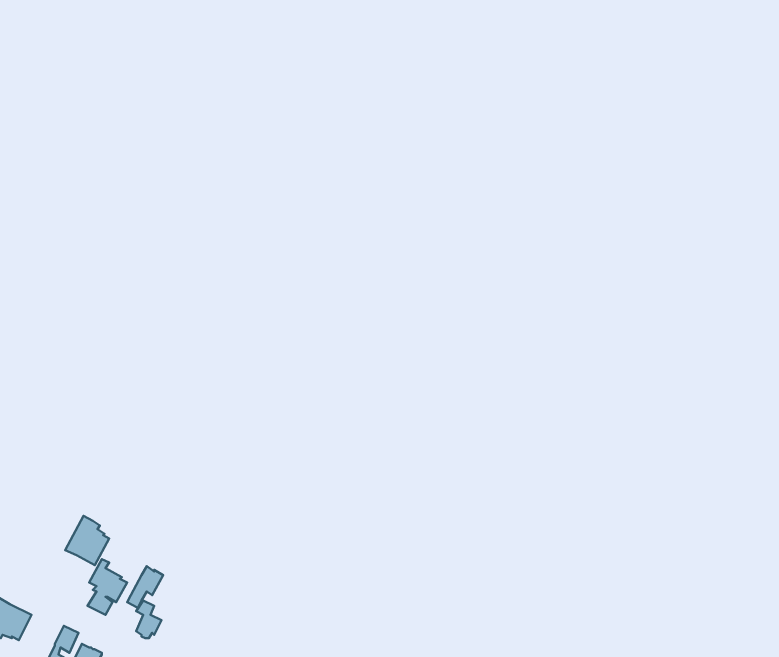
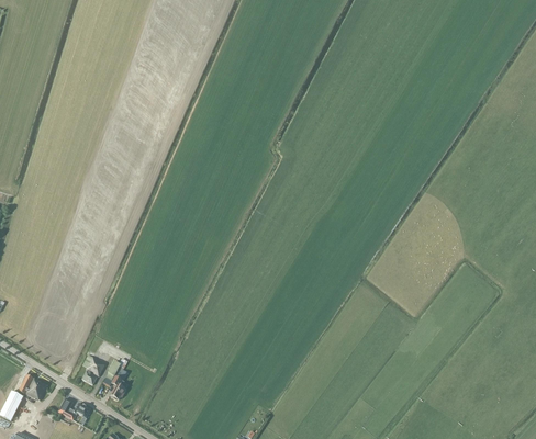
building: [65,516,109,565] -> none

